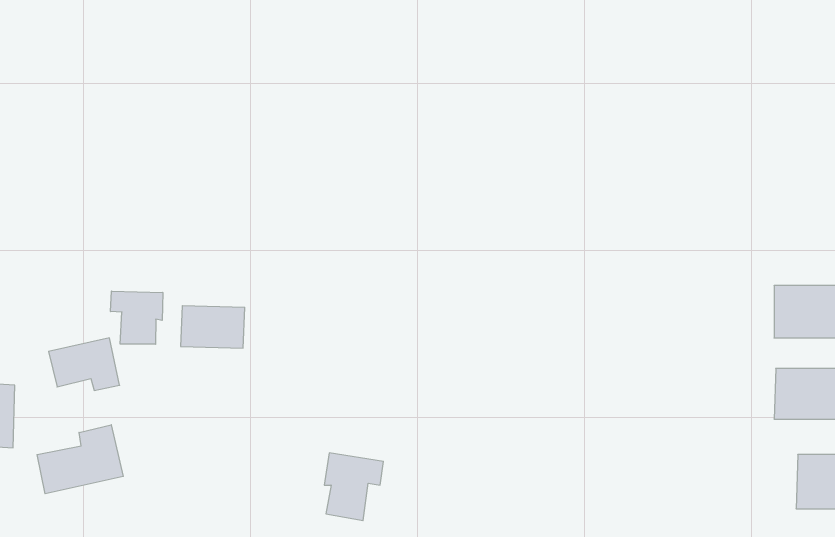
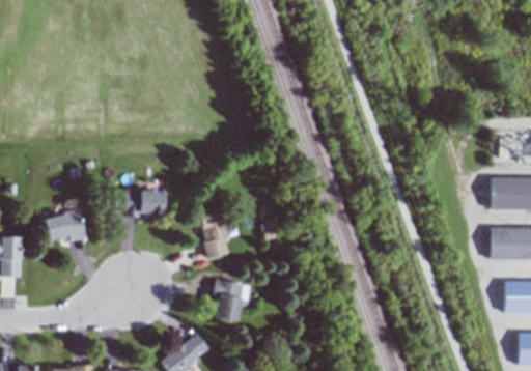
building: [111,291,163,344] -> none
building: none -> [199,205,230,258]
building: [37,425,123,494] -> none

